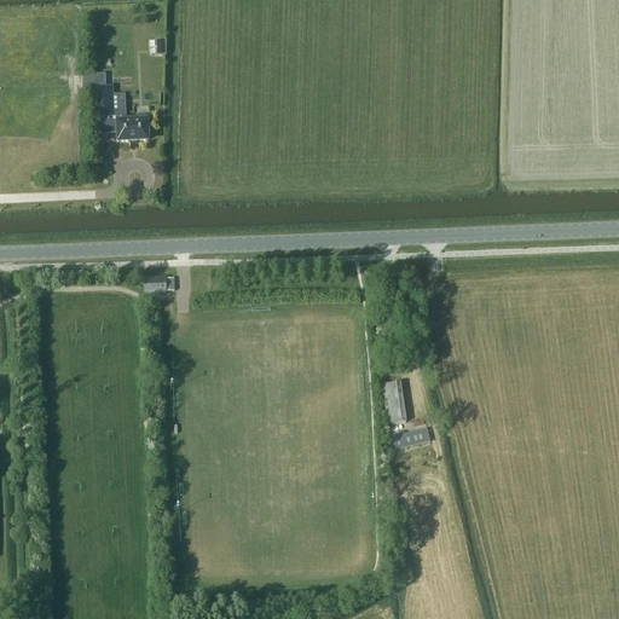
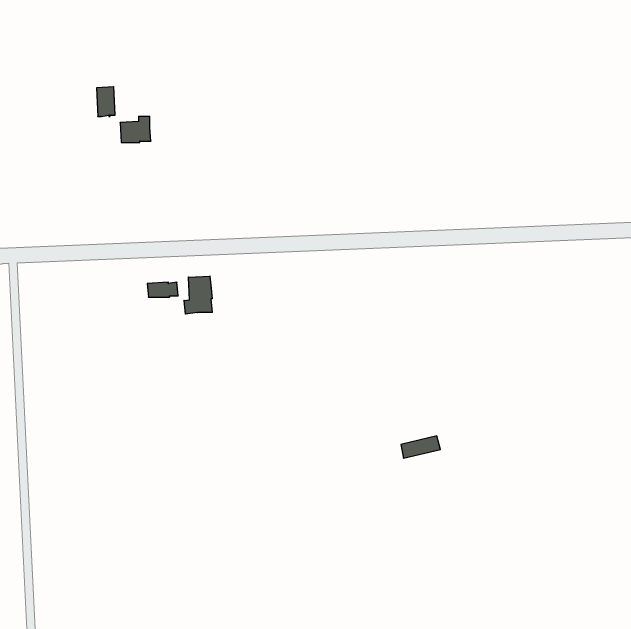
building: none -> [184,276,212,314]
building: [382,381,406,422] -> none

